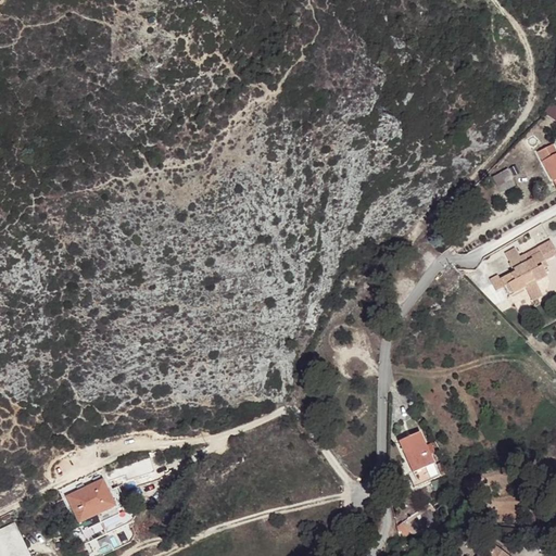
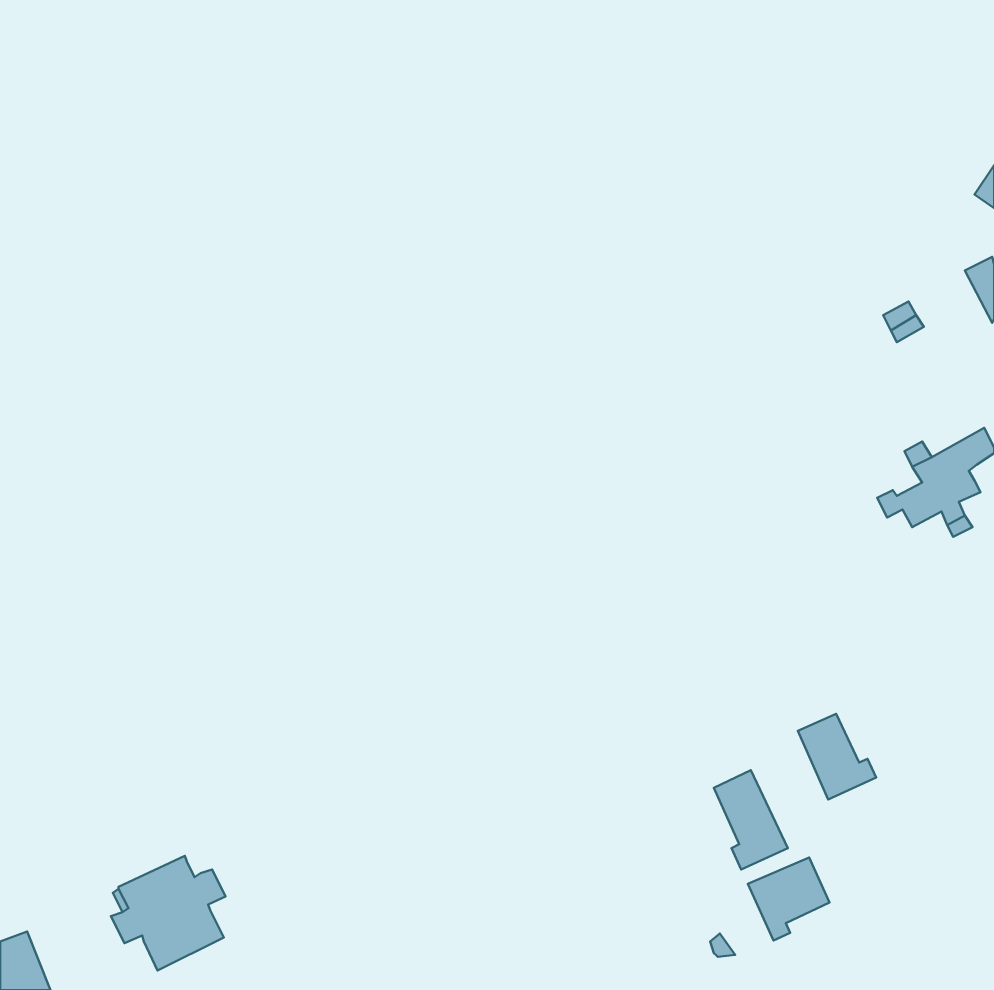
building: none -> [798,714,876,800]
building: none -> [748,857,829,940]

